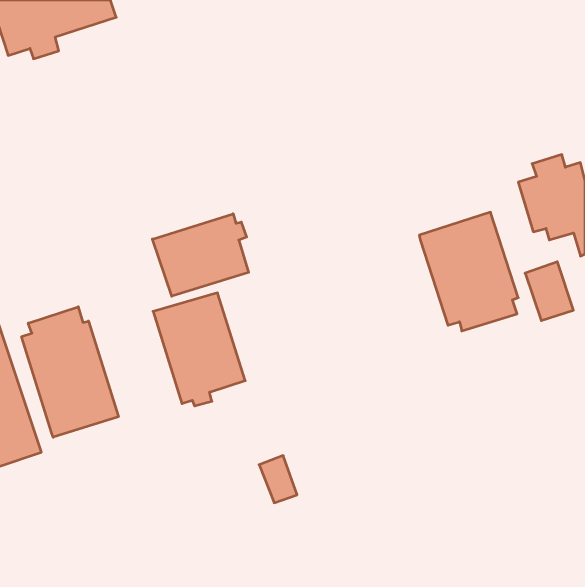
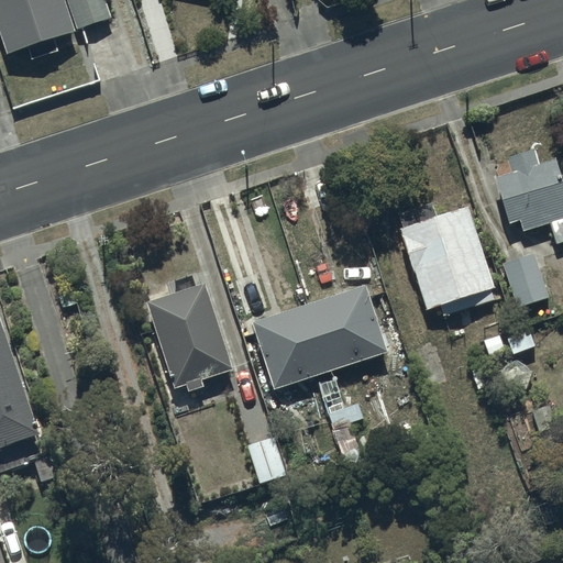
building: [152,214,249,296] -> none
building: none -> [253,283,387,387]
building: [22,307,118,437] -> none

